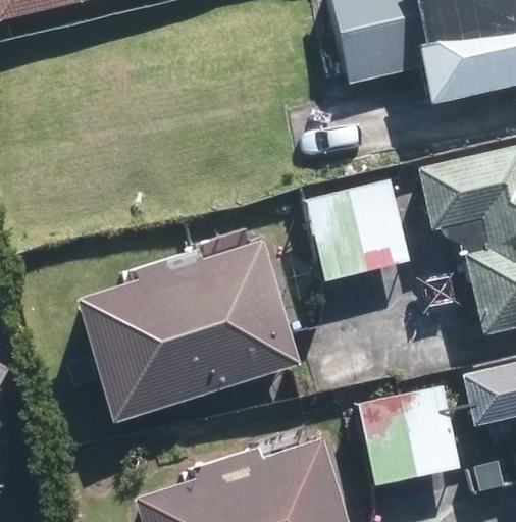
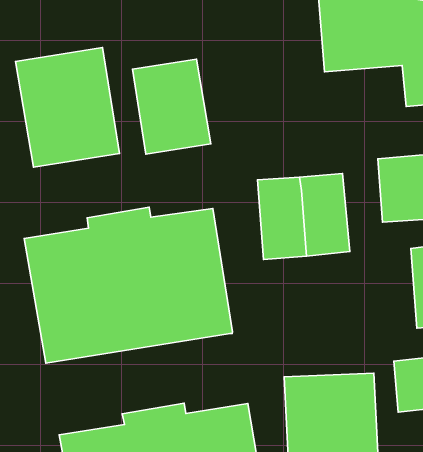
building: none -> [132,59,211,154]
building: none -> [16,47,119,167]

